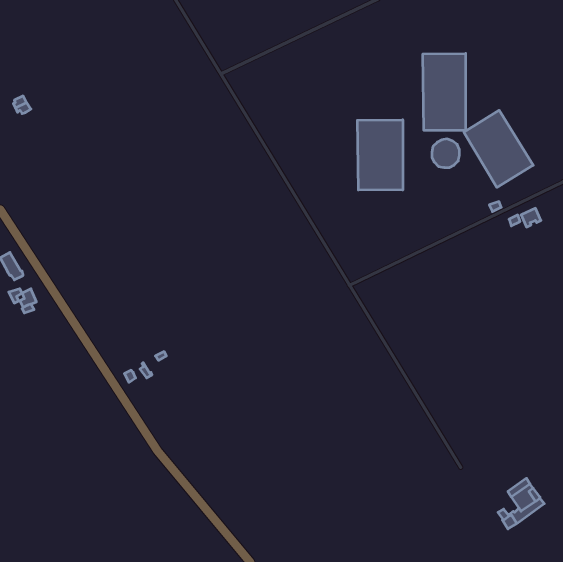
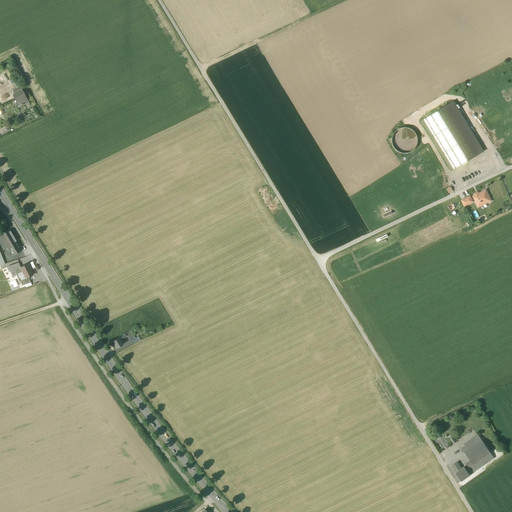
building: [423,53,466,131] -> none
building: [357,120,403,190] -> none

